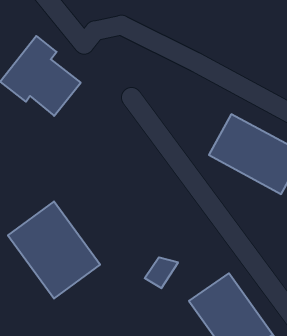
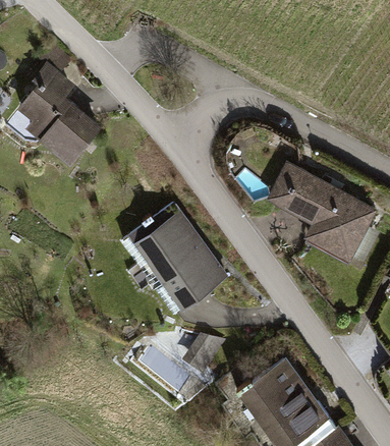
building: none -> [126,205,227,313]
building: [8,201,100,299] -> none

